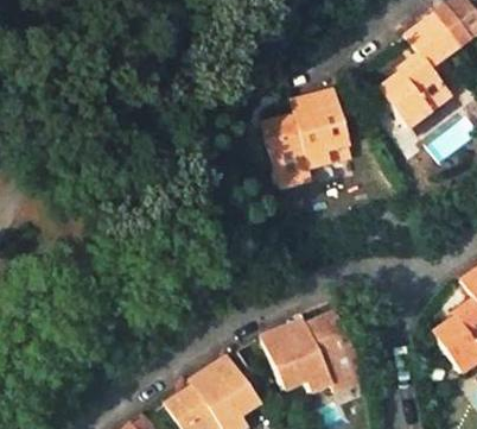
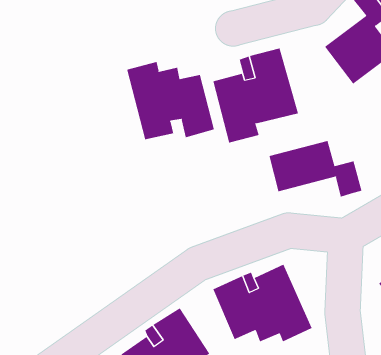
building: none -> [127,61,214,140]
building: none -> [269,140,362,197]

